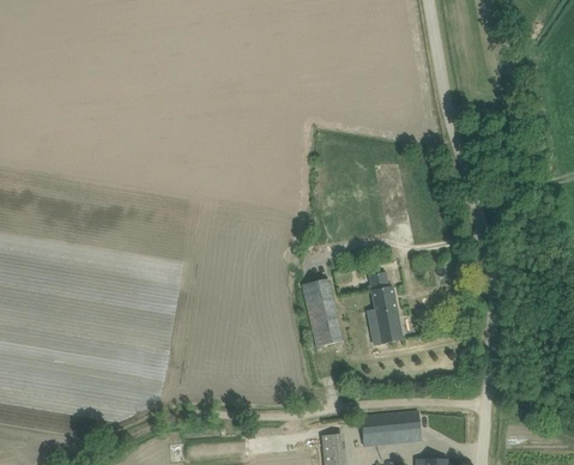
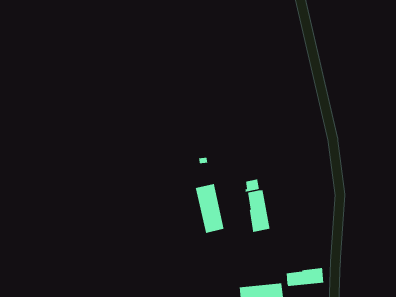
building: none -> [286,267,324,287]

